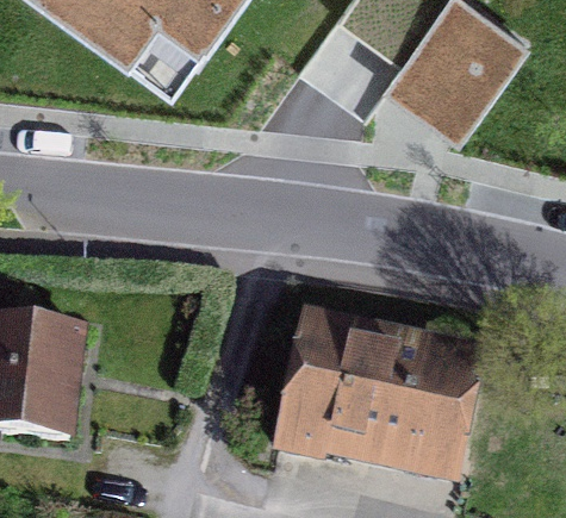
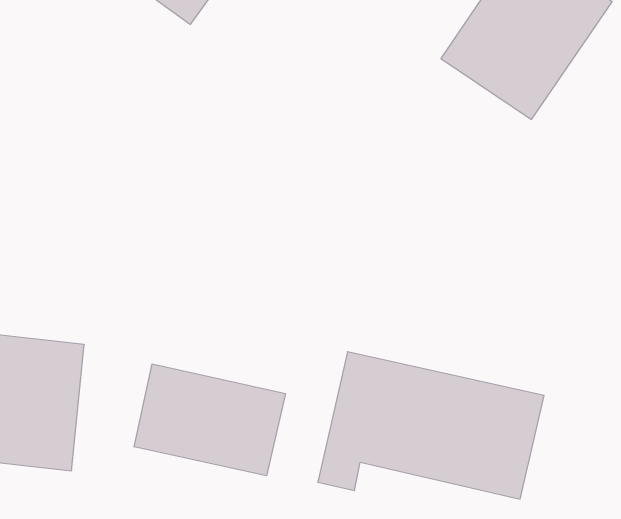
building: none -> [134,364,285,476]

